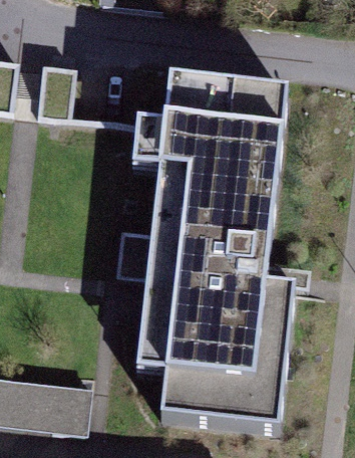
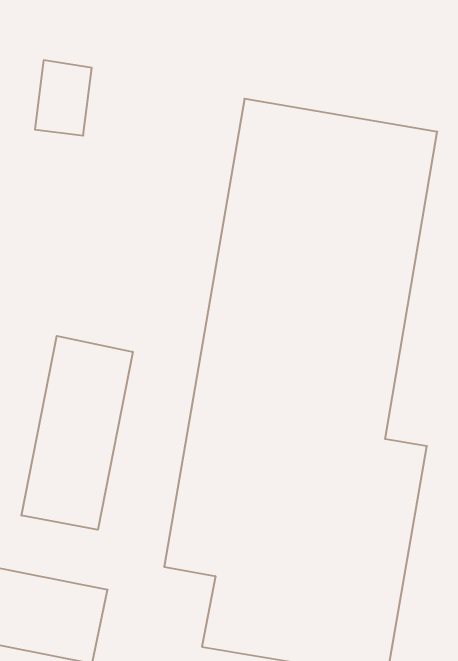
building: none -> [21,336,133,530]

